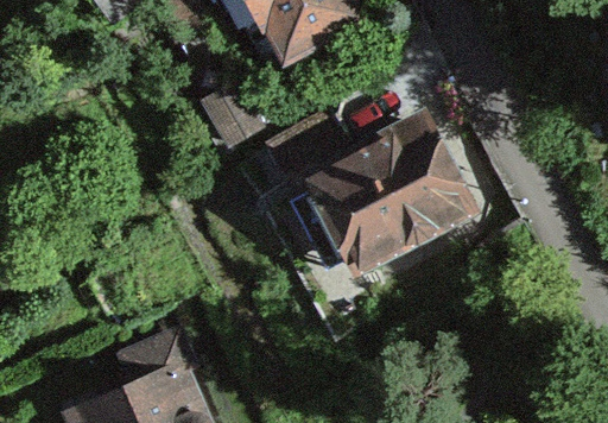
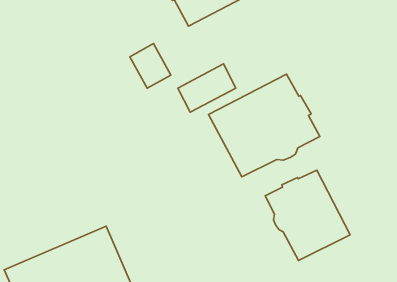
building: none -> [265,170,350,260]

